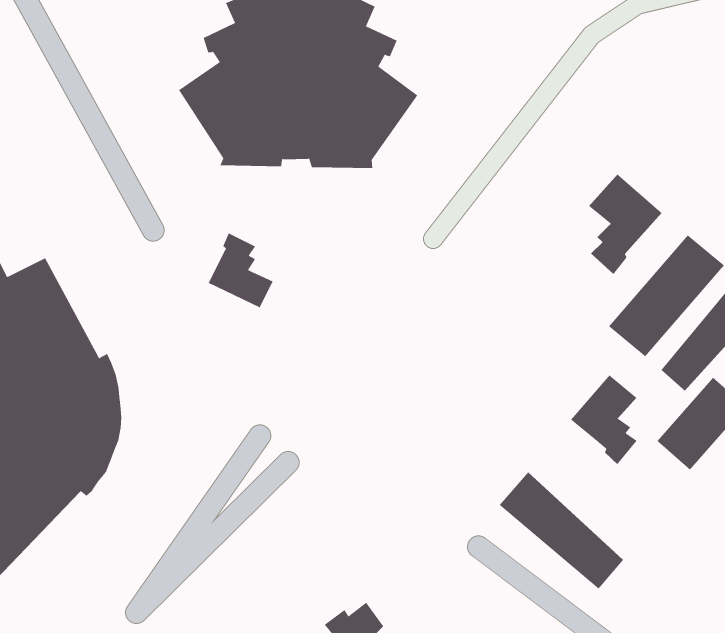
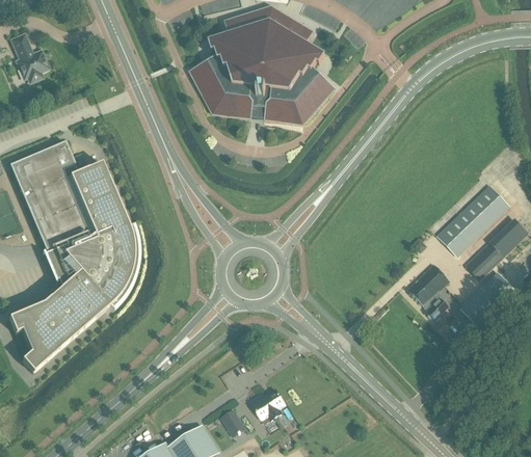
building: [588,174,663,275] -> none
building: [208,233,274,308] -> none
building: [499,471,624,589] -> none

